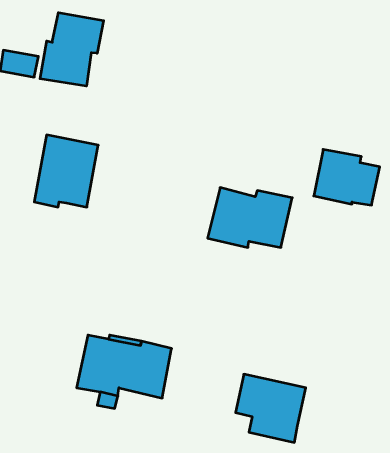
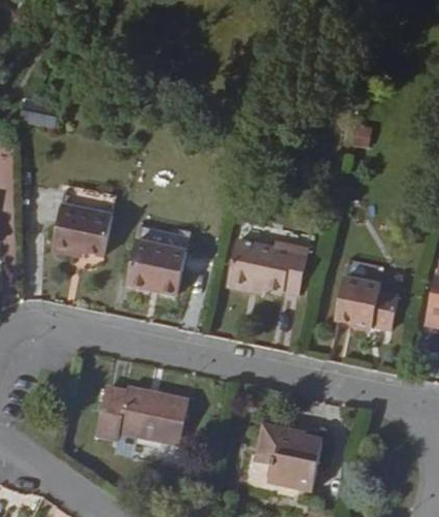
building: [40,13,104,86] -> none
building: [314,149,380,205] -> [333,276,399,331]
building: none -> [125,225,190,296]

